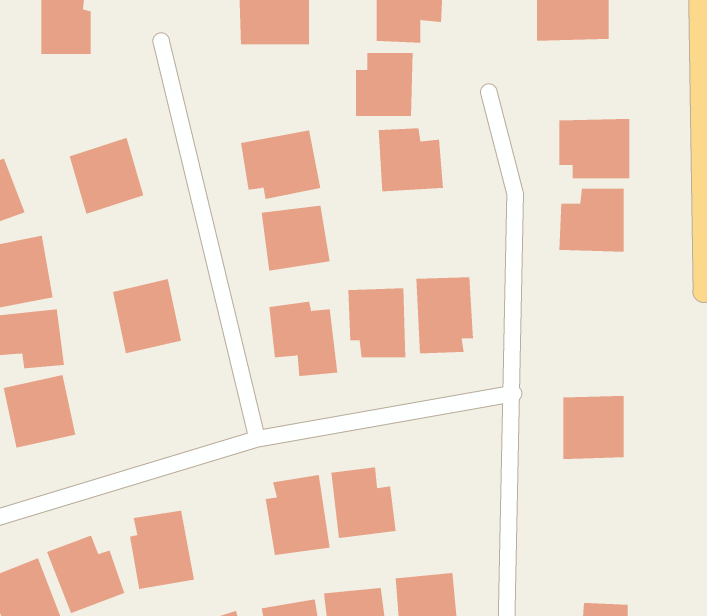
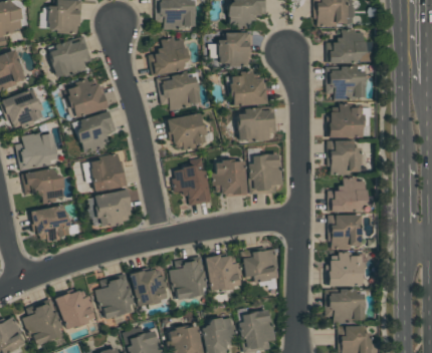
building: none -> [327,29,373,63]
building: none -> [149,37,190,75]
building: none -> [48,40,89,78]
building: none -> [238,108,276,141]
building: none -> [74,111,115,153]
building: none -> [329,142,362,174]
building: none -> [329,179,367,213]
building: none -> [94,191,132,227]
building: none -> [242,246,279,282]
building: none -> [329,253,364,287]
building: none -> [129,267,172,307]
building: none -> [326,291,365,322]

